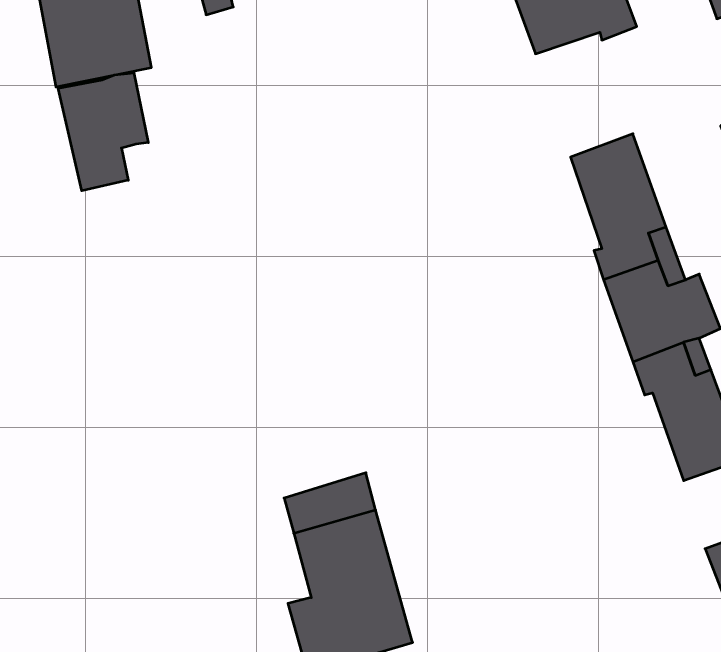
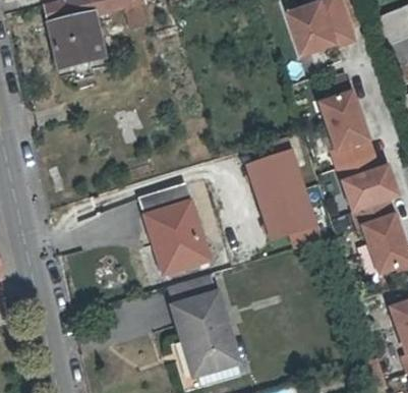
building: [58,73,148,191] -> none
building: none -> [245,149,314,237]
building: none -> [140,185,208,272]

